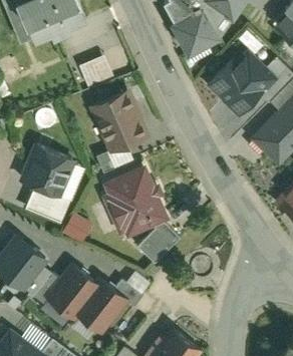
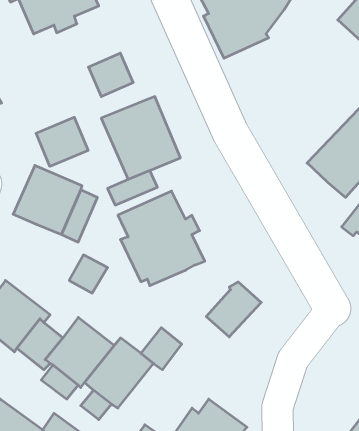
building: [205,55,270,119] -> none
building: none -> [36,117,88,166]
building: [29,190,70,223] -> none
building: [136,222,180,265] -> [206,282,261,337]

